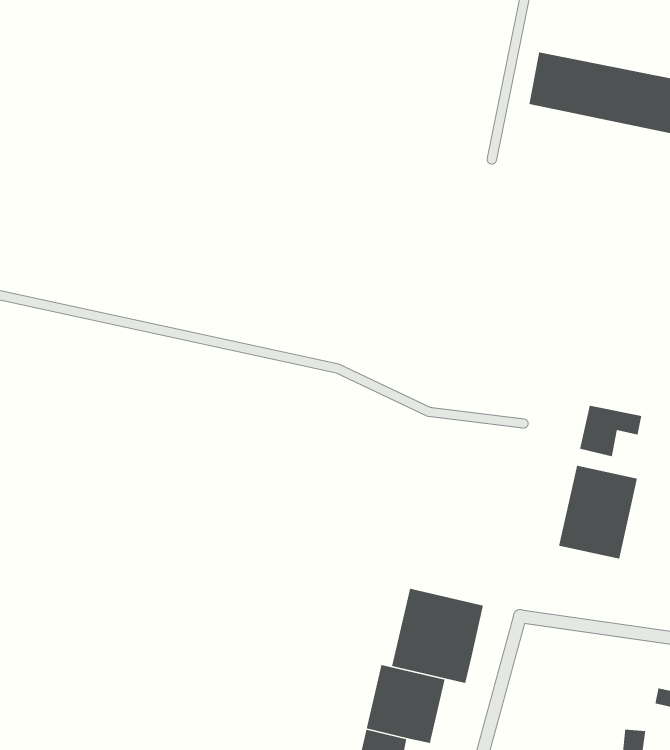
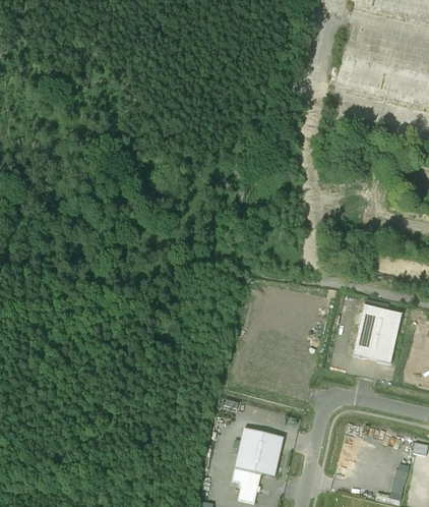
building: [579,405,642,457] -> none
building: [391,588,484,684] -> none

